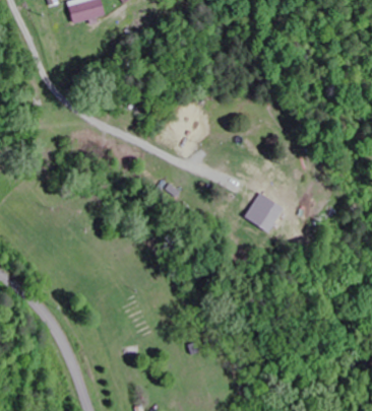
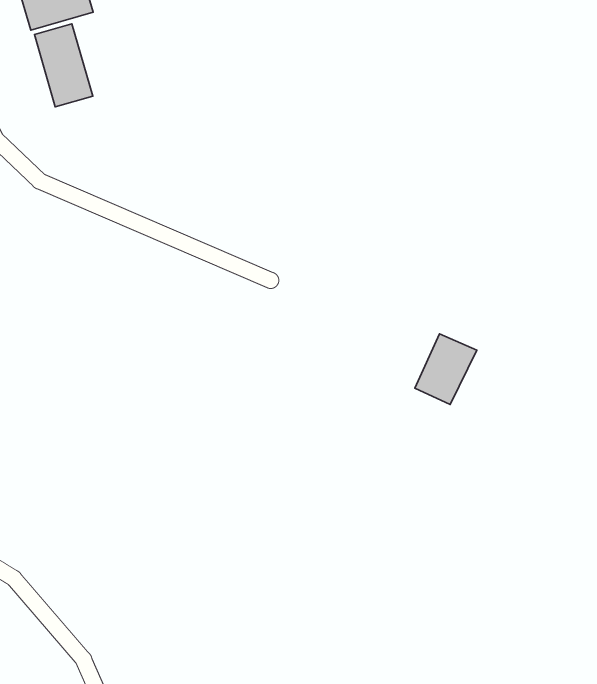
building: none -> [34,24,93,107]

